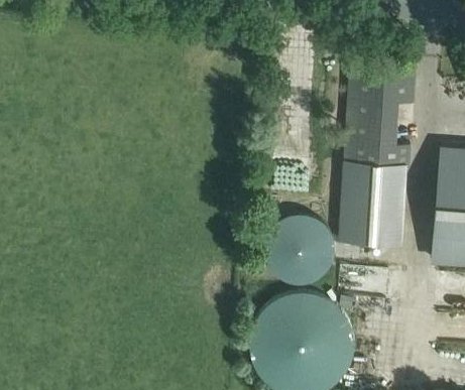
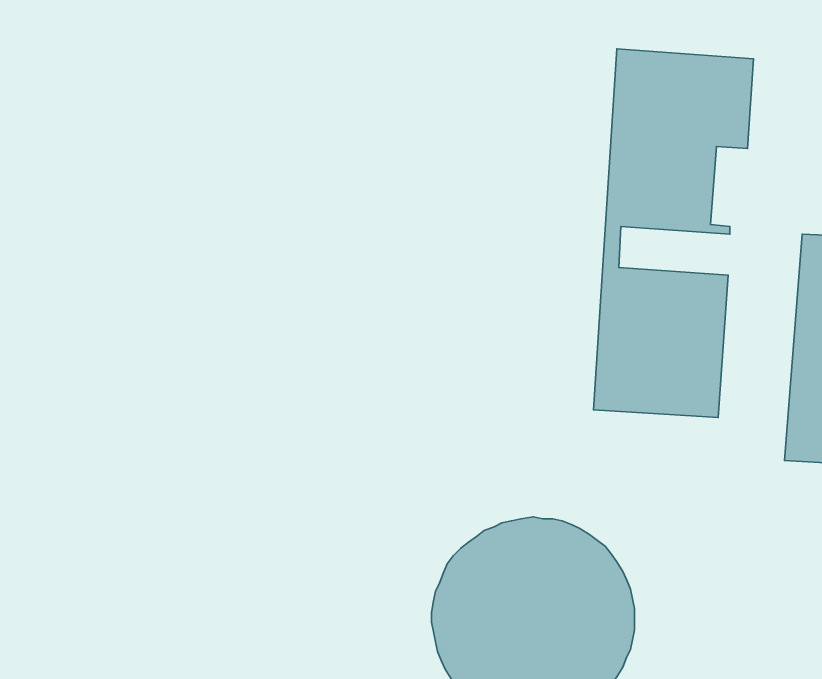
building: [347,143,415,168] -> none
building: [265,216,335,285] -> none

